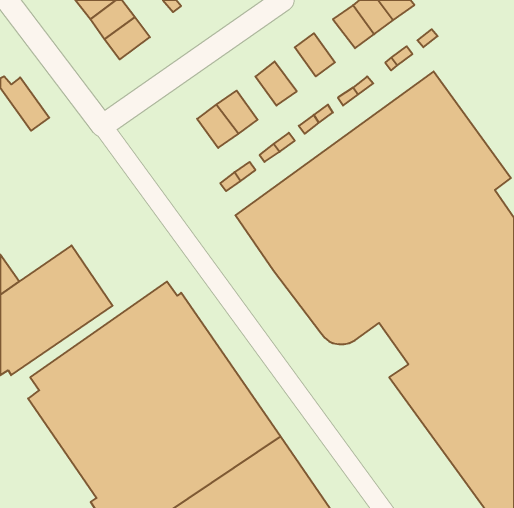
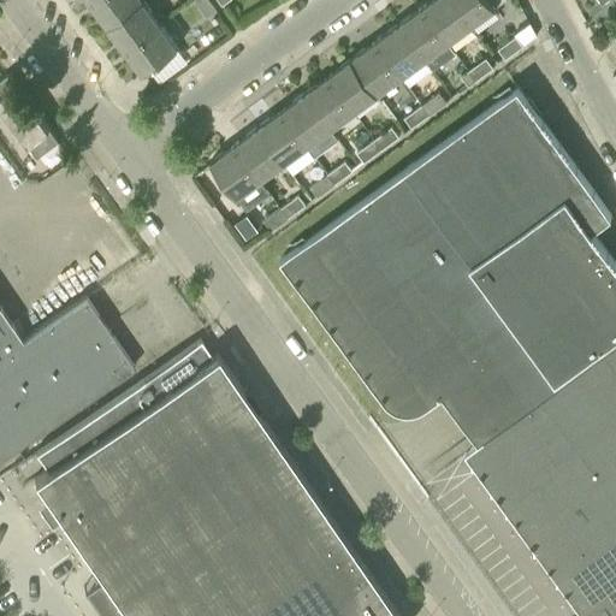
building: none -> [375,30,425,82]
building: none -> [328,64,378,117]
building: none -> [283,99,338,161]
building: none -> [212,149,261,202]

